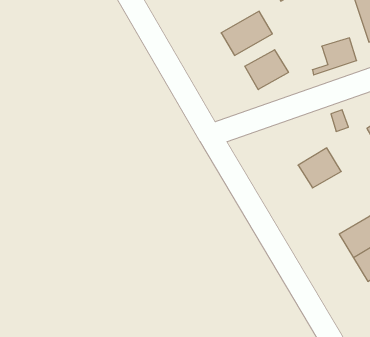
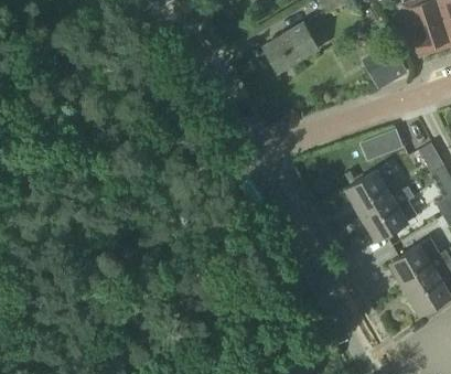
building: [245,50,288,90] -> none
building: none -> [359,185,417,239]

